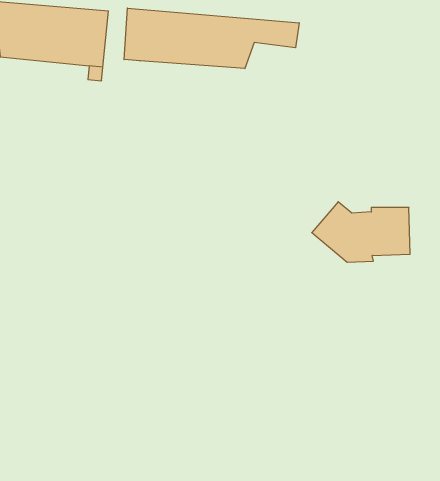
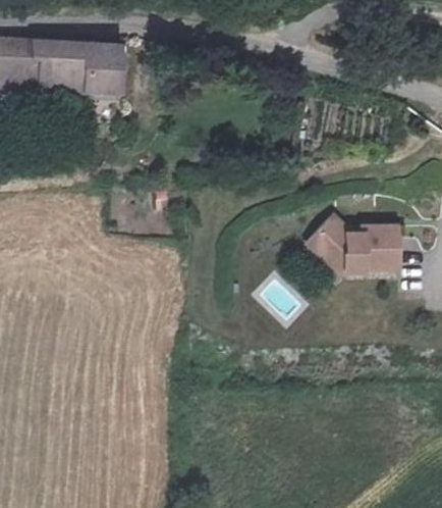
building: [124,8,299,69] -> none

